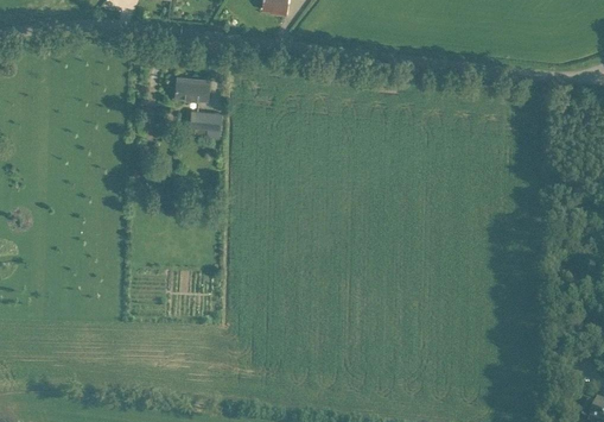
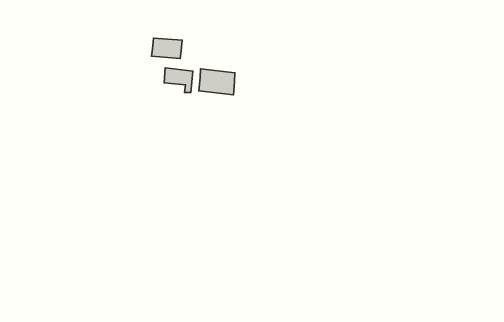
building: none -> [199,69,235,95]

